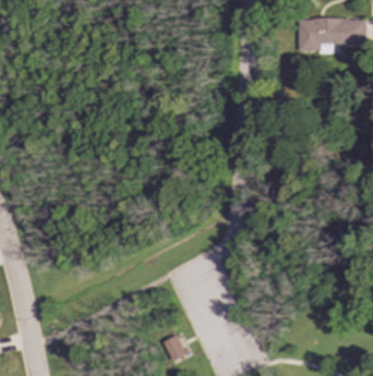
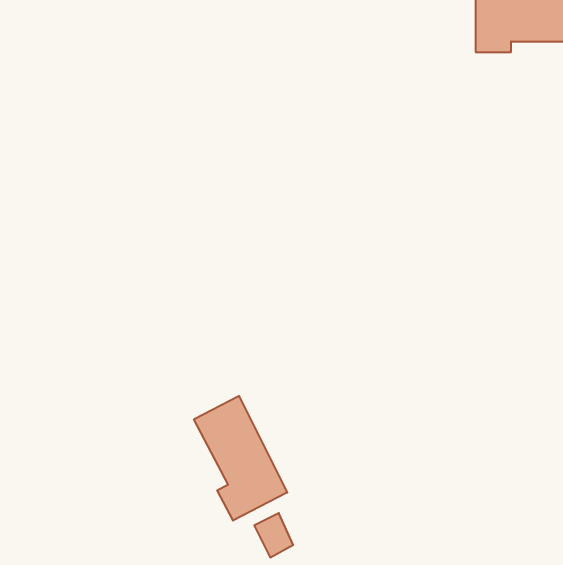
building: none -> [194,396,287,521]

